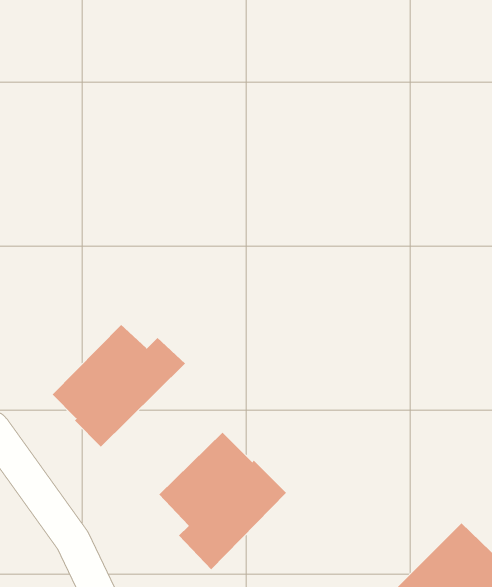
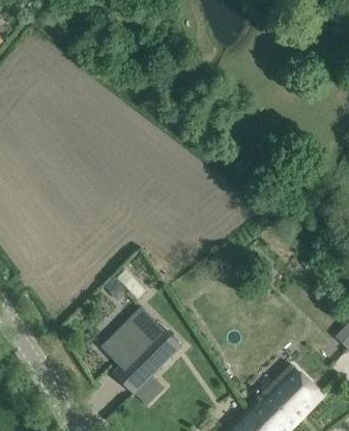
building: [52,324,186,447] -> none

